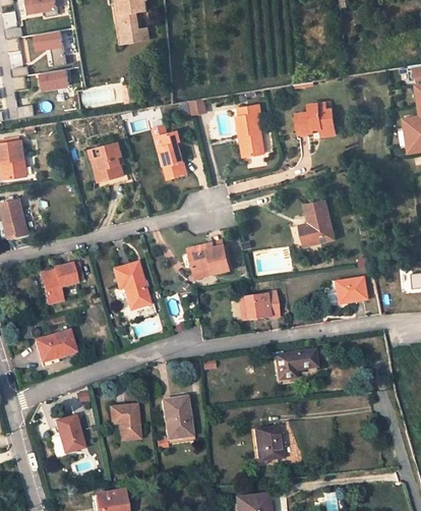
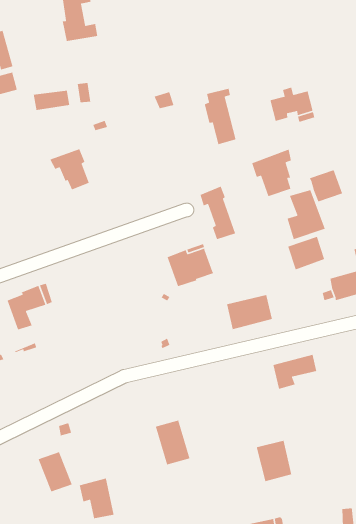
building: [156,131,185,180] -> [200,186,236,240]
building: none -> [251,148,292,197]
building: none -> [309,169,343,202]
building: none -> [287,236,325,270]
building: [112,263,148,309] -> none
building: [35,331,74,366] -> none
building: [111,404,140,441] -> [79,478,114,519]

